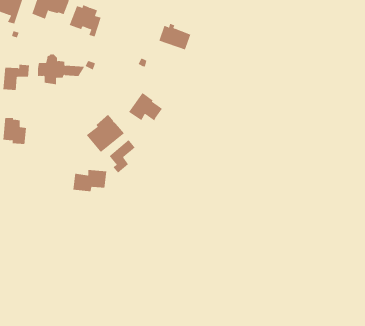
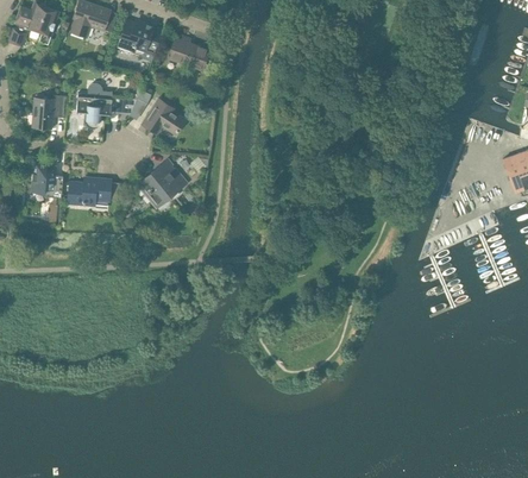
building: [158,23,191,50] -> [168,36,209,70]
building: [128,92,163,121] -> [140,99,184,136]
building: [109,139,135,174] -> none
building: [73,169,107,192] -> [67,177,111,206]

